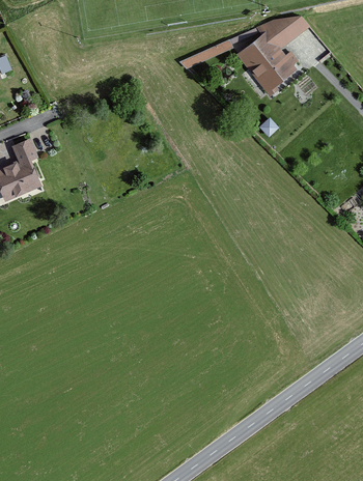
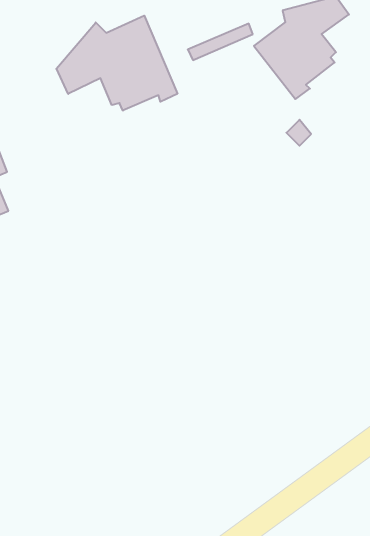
building: none -> [56,16,177,111]

